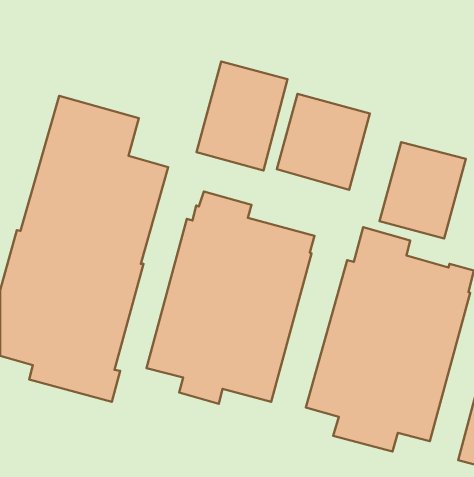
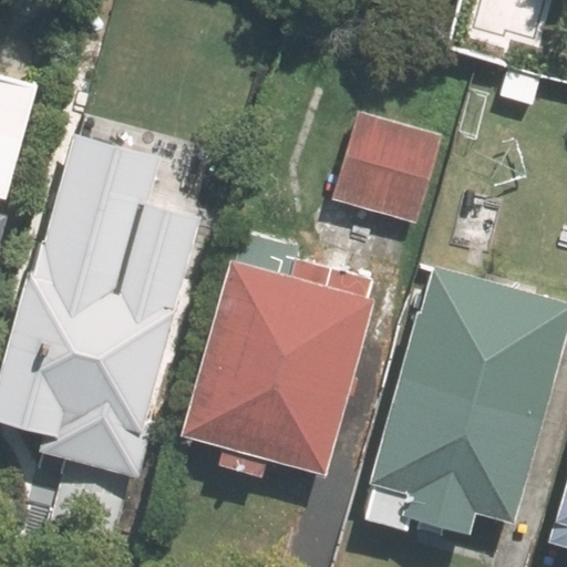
building: [196,61,287,170] -> none
building: [380,142,466,239] -> none

